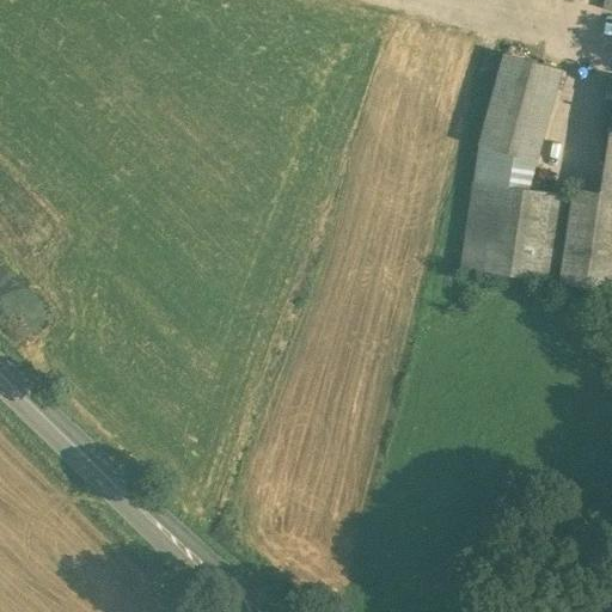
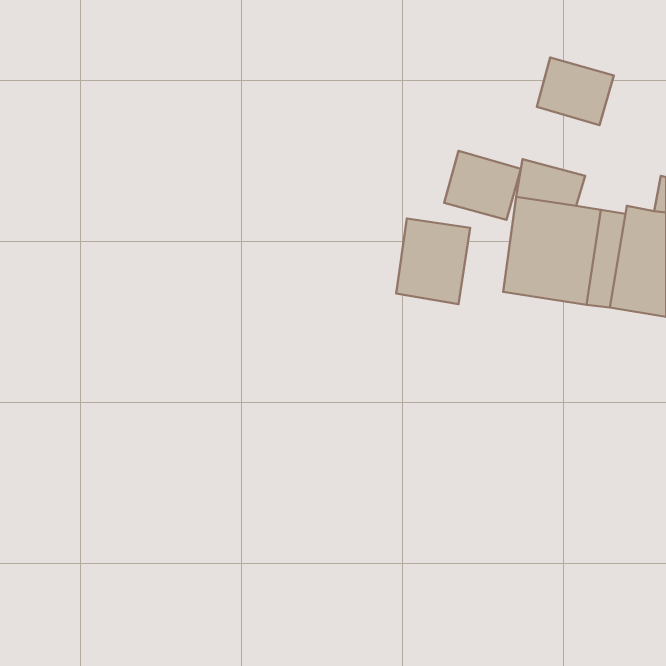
building: [479,98,550,161] -> [444,151,521,220]
building: none -> [396,218,470,304]

